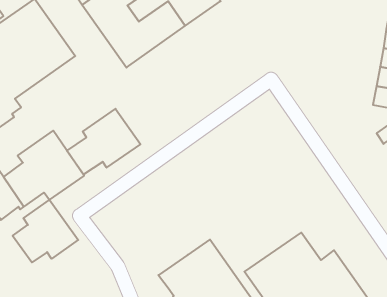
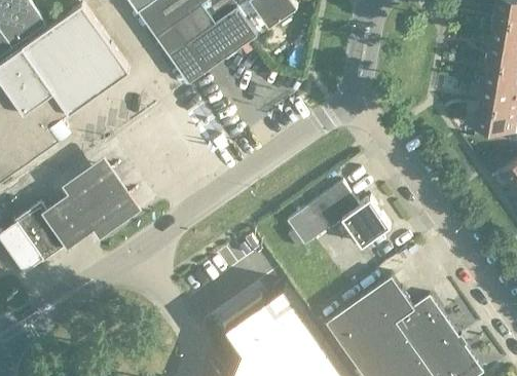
building: [67,109,140,174] -> none
building: none -> [278,174,390,252]
building: [13,200,78,262] -> none

